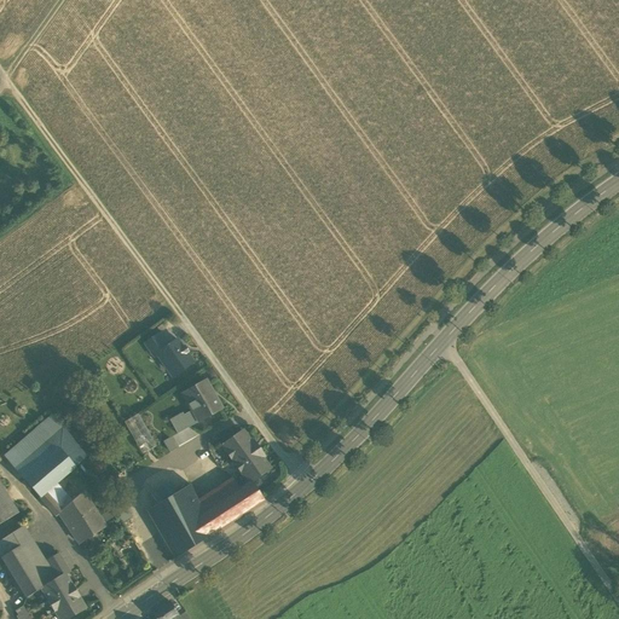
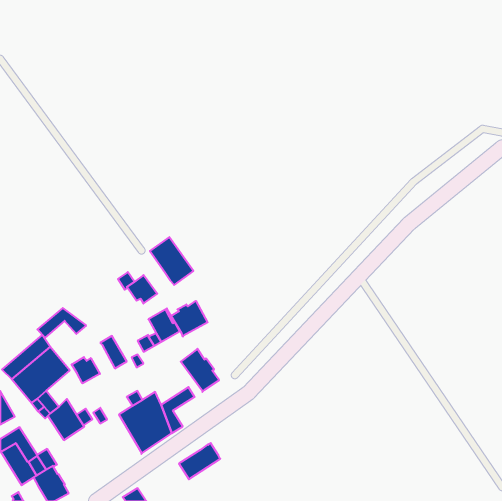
building: none -> [150,237,193,285]
building: none -> [171,301,208,337]
building: none -> [37,308,86,338]
building: none -> [72,357,100,383]
building: [213,480,264,525] -> [179,443,220,479]

